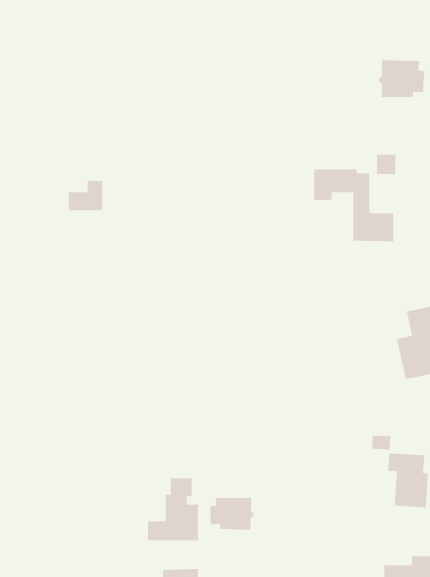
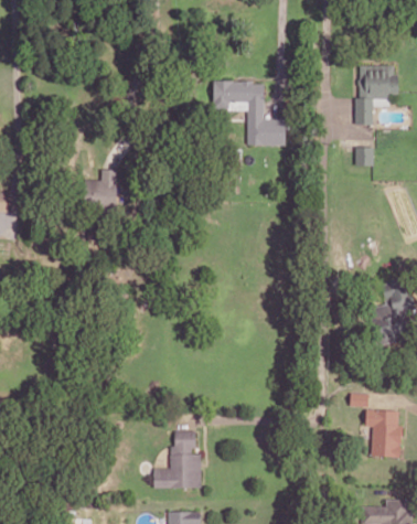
building: none -> [355,98,372,125]
building: [314,169,394,242] -> [213,82,284,146]
building: [210,497,254,531] -> none

